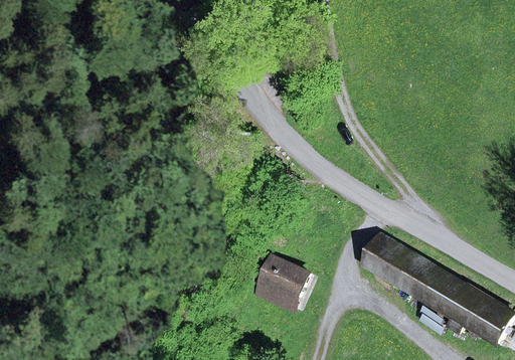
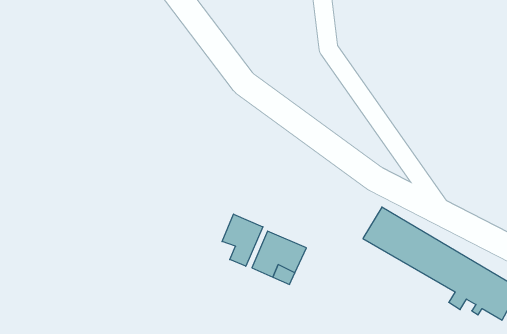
building: none -> [222,214,263,266]

